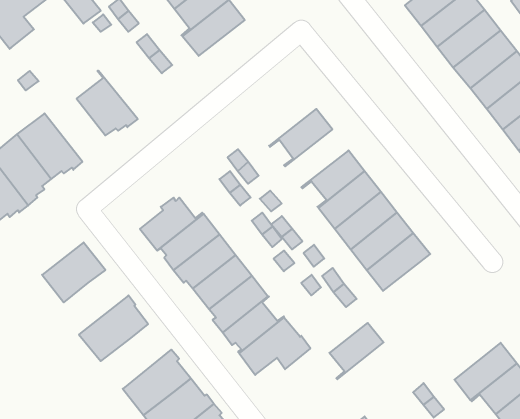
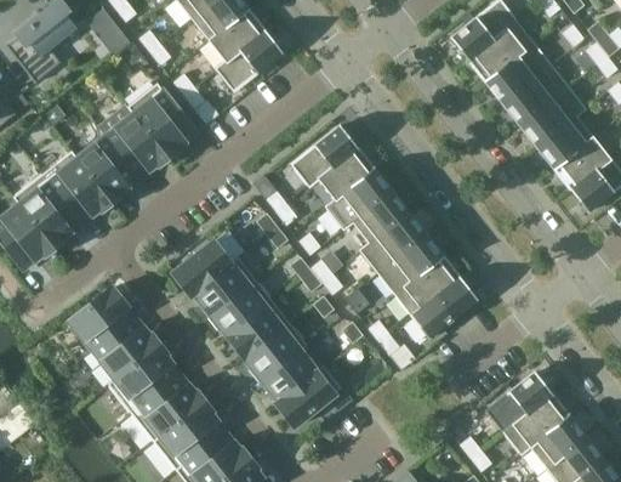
building: none -> [129,84,194,158]
building: none -> [291,125,358,186]
building: none -> [72,136,136,203]
building: none -> [325,169,392,229]
building: none -> [92,317,160,385]
building: [329,323,384,379] -> [495,373,552,432]
building: none -> [131,374,205,442]

